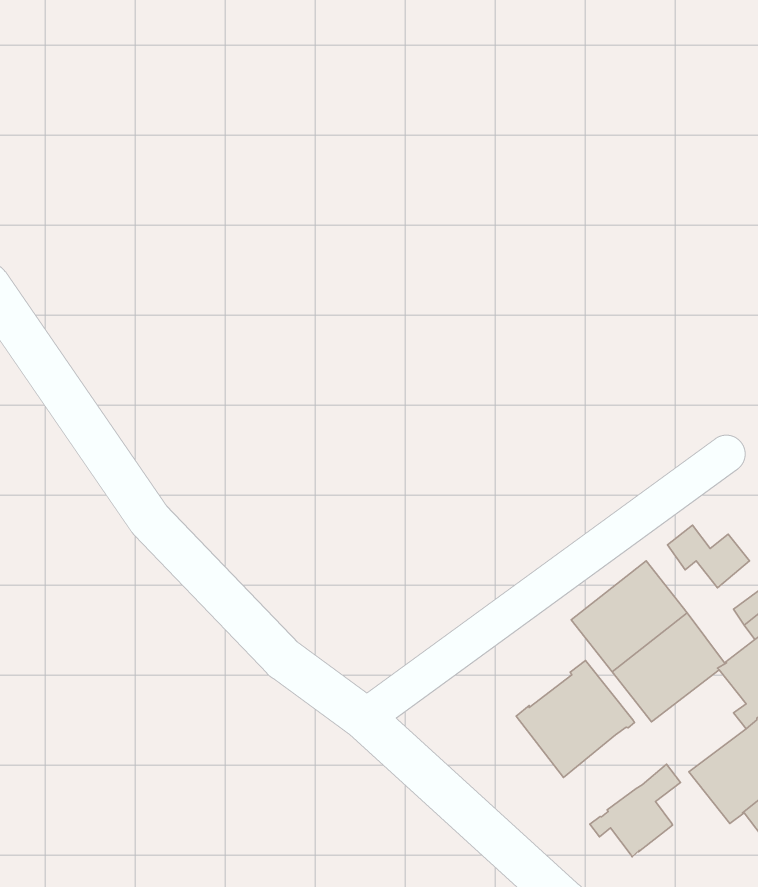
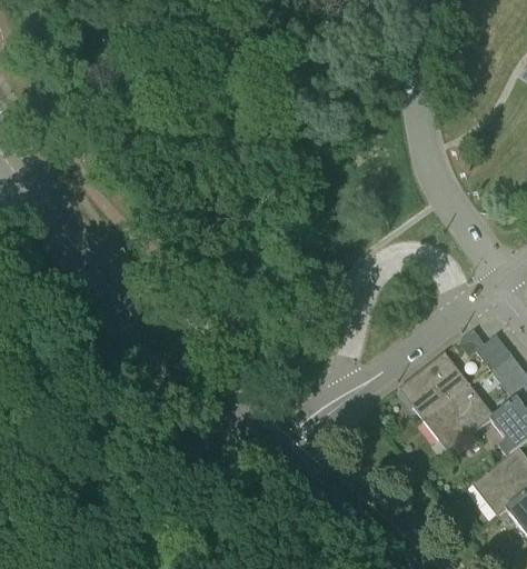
building: [516,660,635,777] -> none
building: [590,764,681,857] -> none

